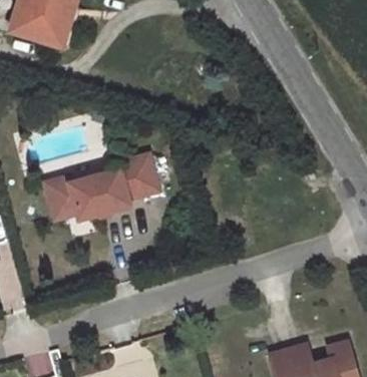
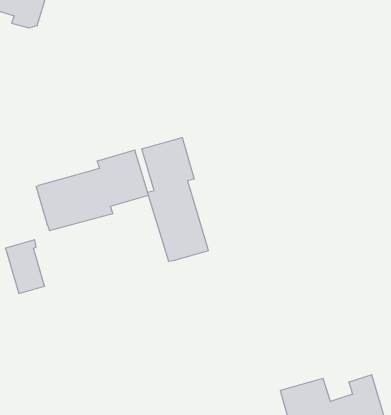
building: none -> [142,137,208,261]
building: [45,177,77,222] -> [5,240,45,293]

